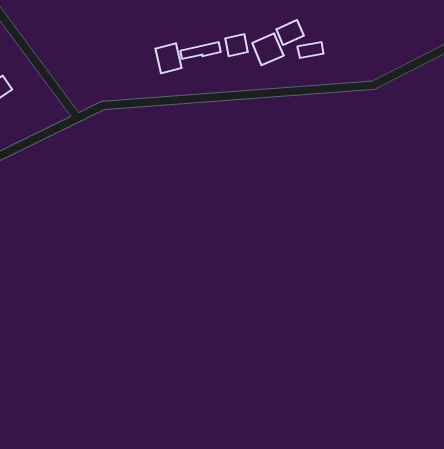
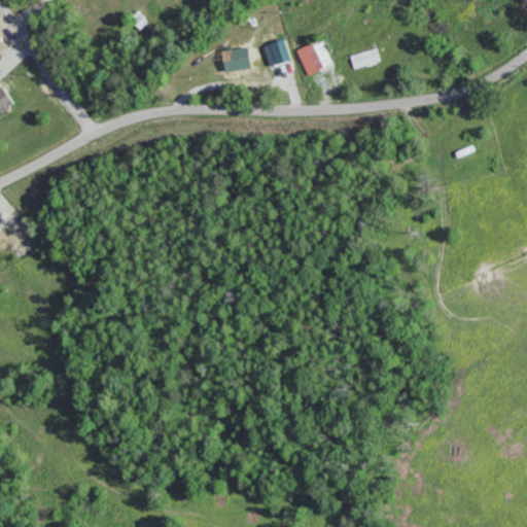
building: [276,20,304,45] -> none
building: [155,43,182,73] -> none

